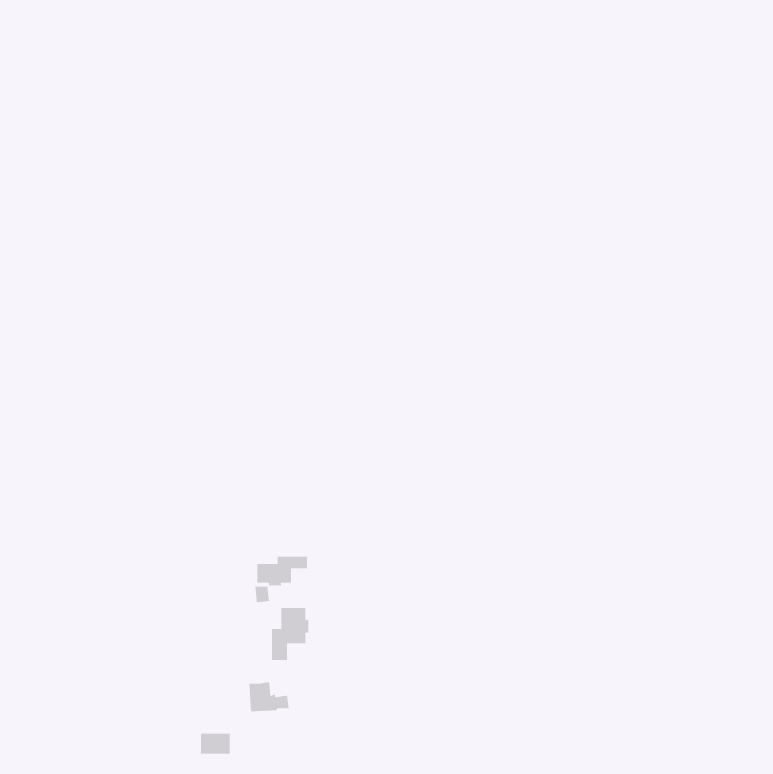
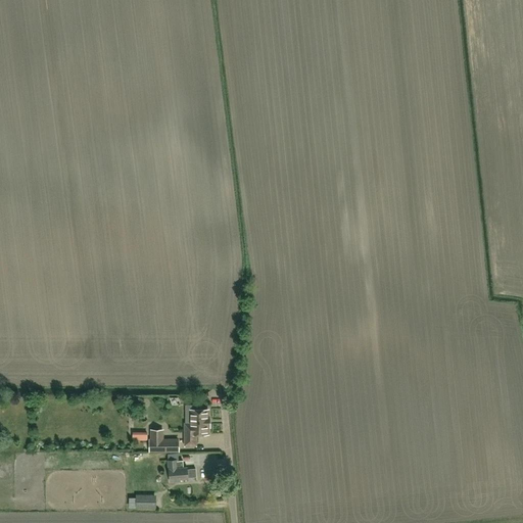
building: [257,556,308,586] -> none
building: none -> [148,429,178,453]

